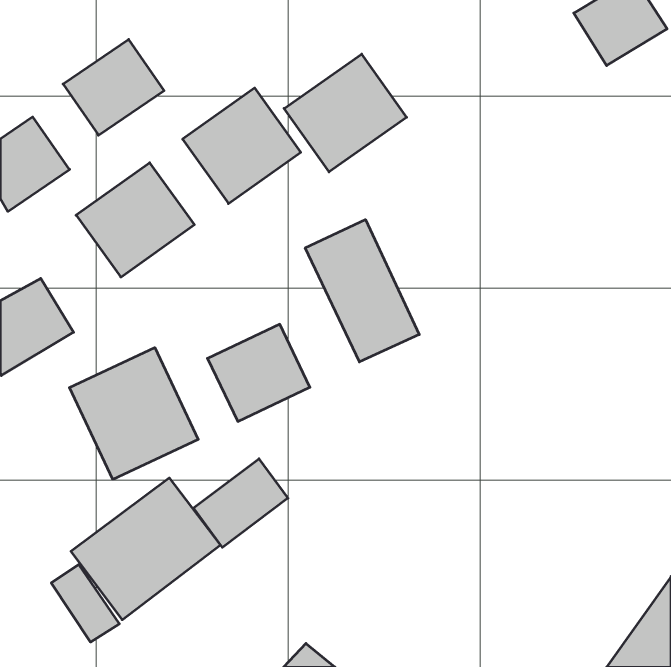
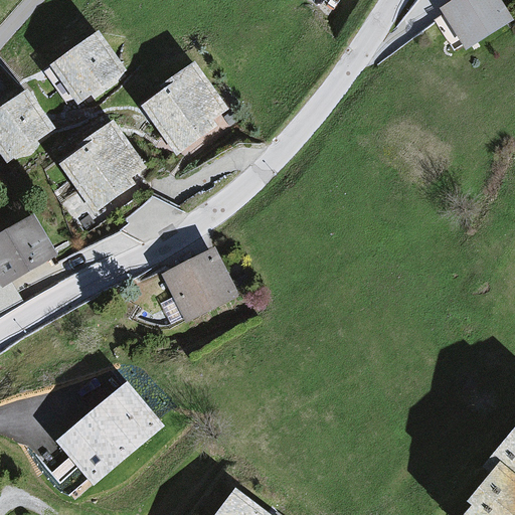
building: [284,54,407,172] -> none
building: [305,220,419,362] -> none
building: [69,348,198,479] -> none
building: [193,459,288,547] -> none

